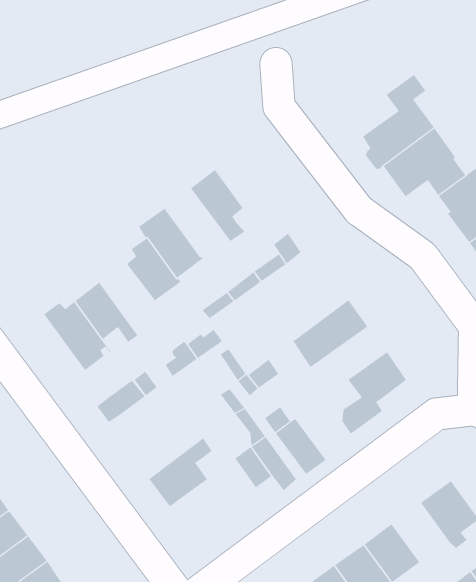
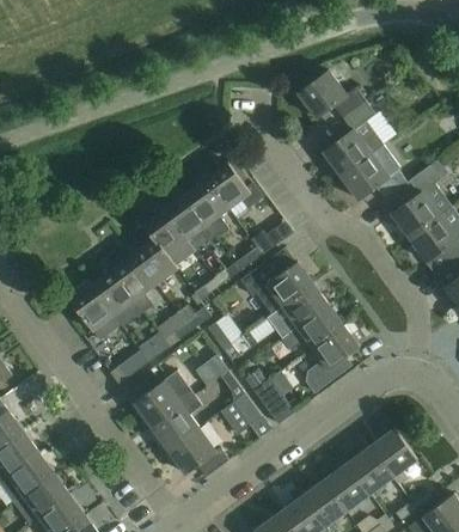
building: none -> [298,72,366,118]
building: none -> [206,160,263,209]
building: none -> [165,189,216,249]
building: none -> [111,255,157,312]
building: none -> [241,255,313,314]
building: none -> [282,305,344,350]
building: none -> [134,371,196,428]
building: none -> [169,428,231,477]
building: none -> [348,447,393,495]

